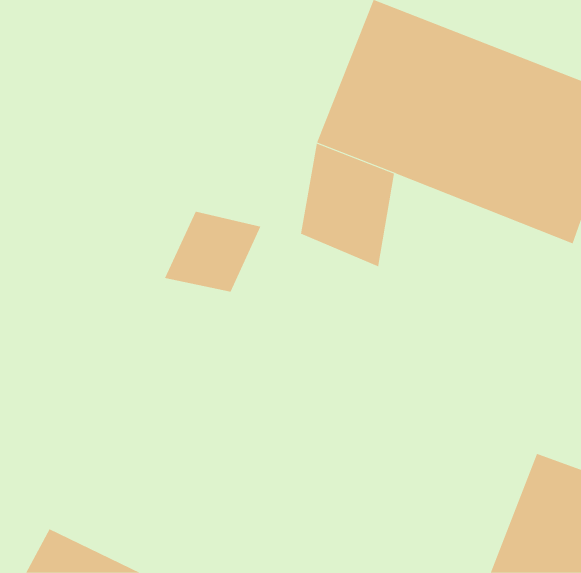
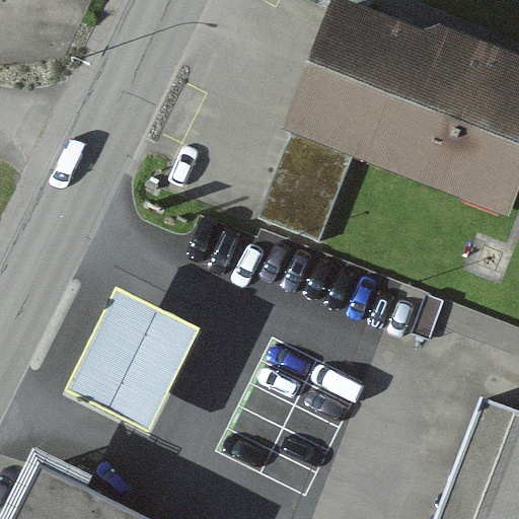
building: [164,211,261,293] -> none
building: none -> [70,279,204,426]

